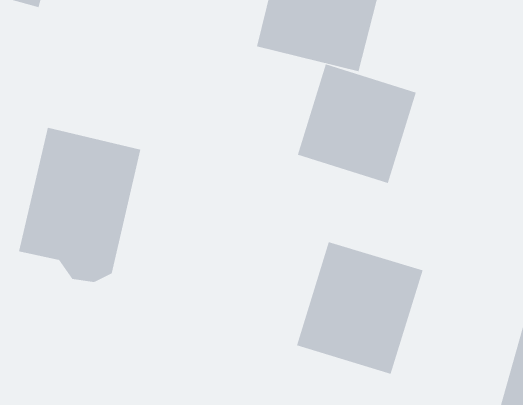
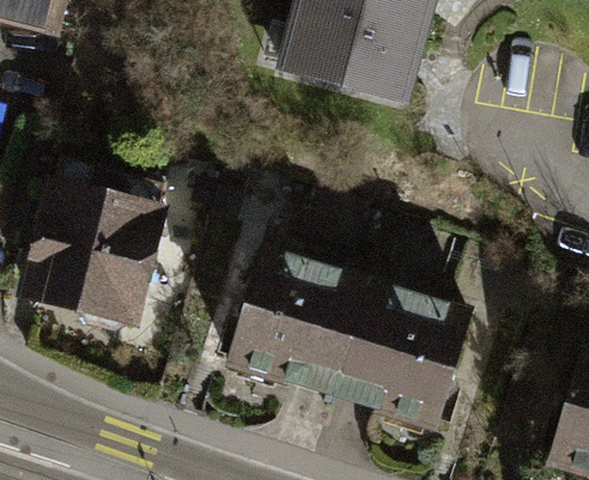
building: [297,64,416,184] -> none
building: none -> [230,254,366,397]

